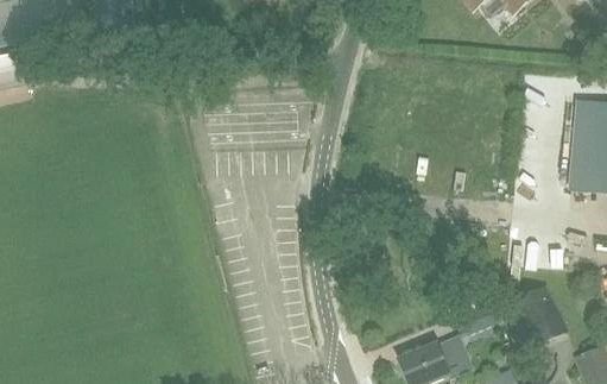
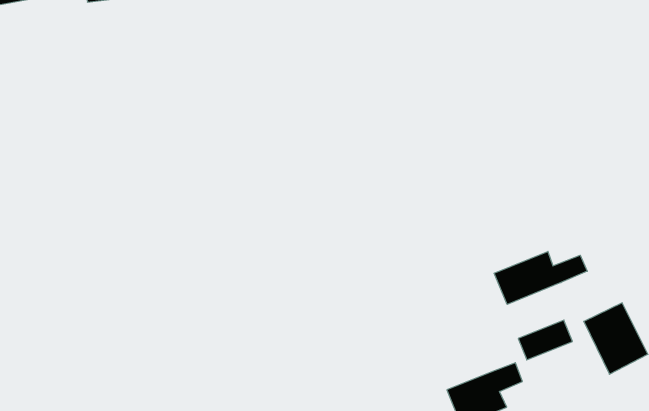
building: none -> [494,251,587,304]

